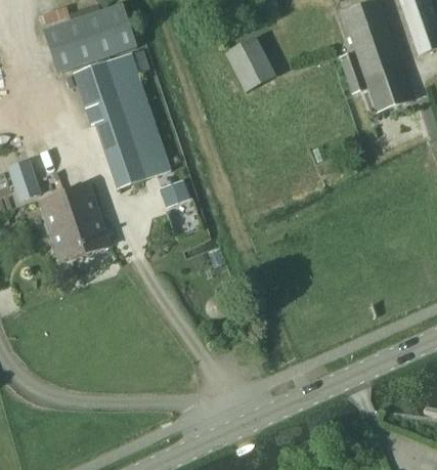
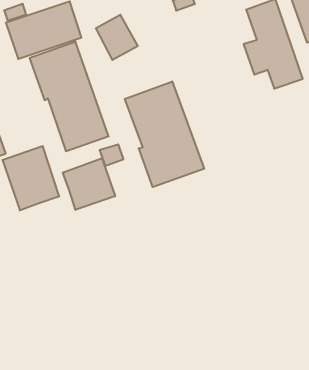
building: [225,36,277,92] -> [96,15,138,60]
building: none -> [125,81,204,187]
building: none -> [63,158,115,210]

